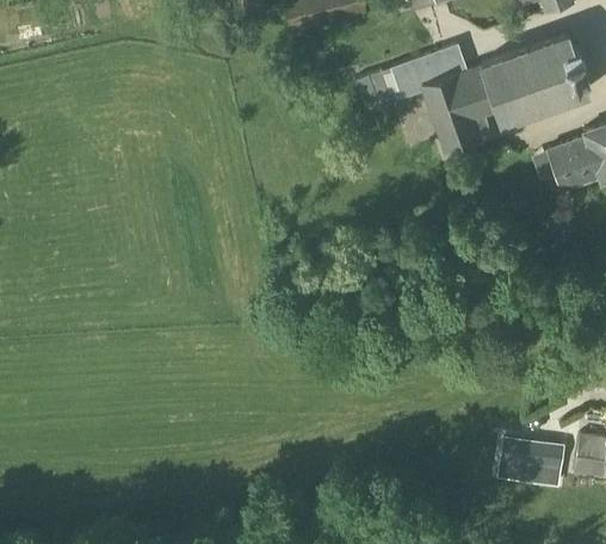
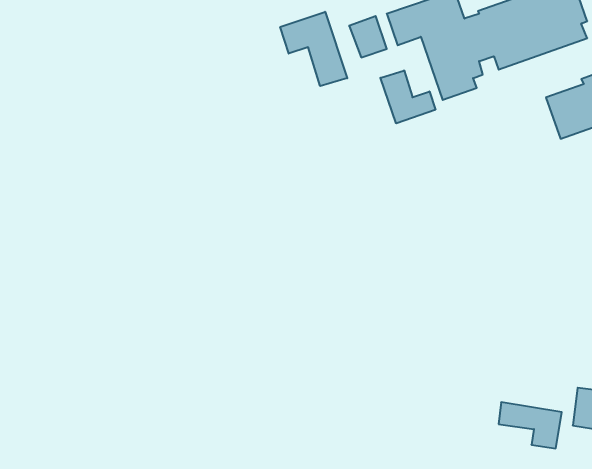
building: none -> [280,12,347,86]
building: none -> [380,70,435,123]

